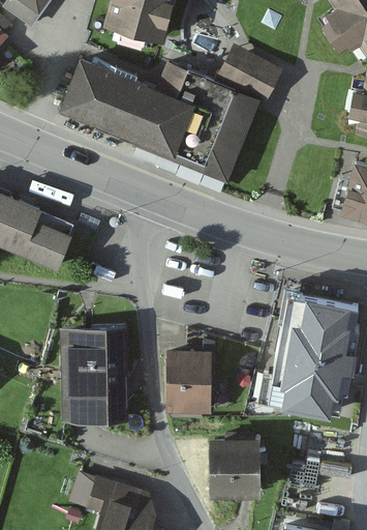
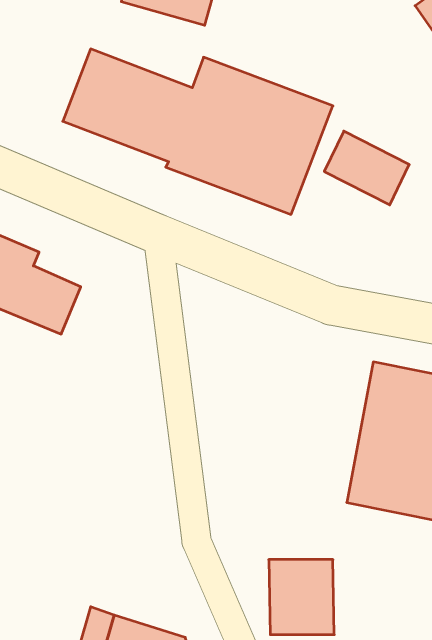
building: [219,46,282,100] -> [324,131,409,205]
building: [63,331,127,423] -> none
building: [169,354,211,414] -> none

